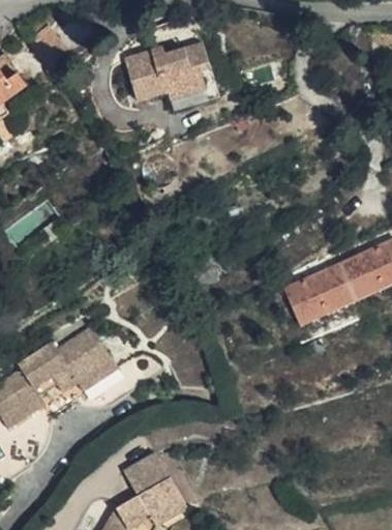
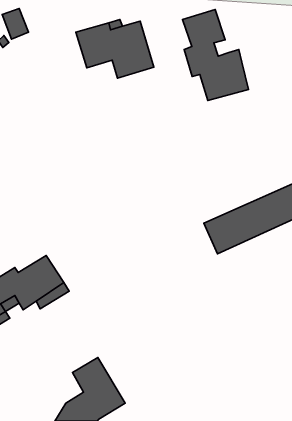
building: none -> [182,9,248,101]

